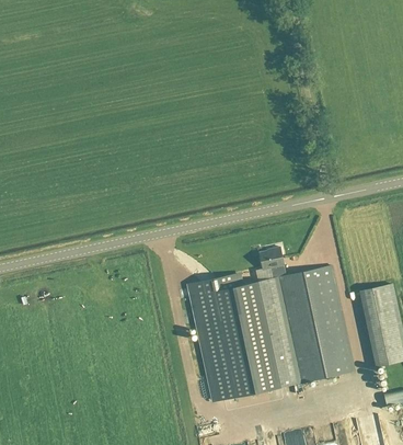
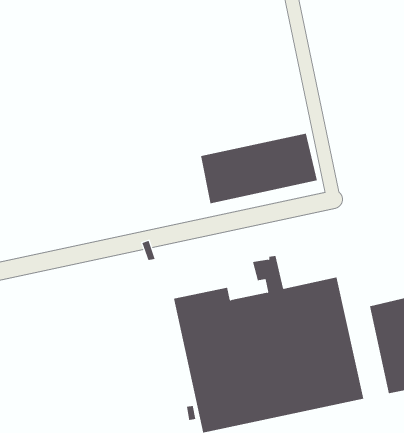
building: none -> [200,133,317,204]

